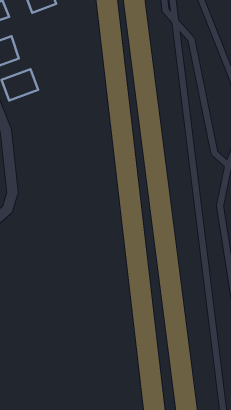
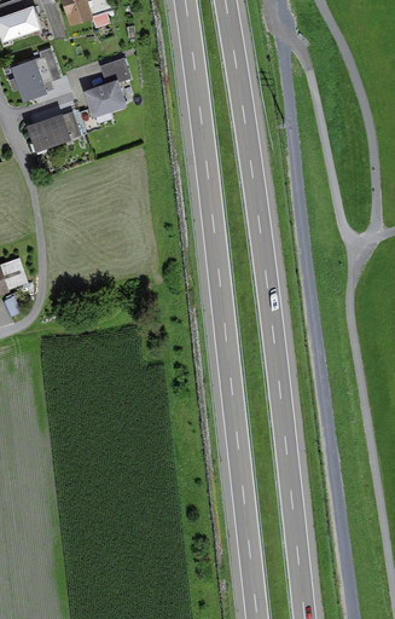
building: none -> [83,58,132,118]

